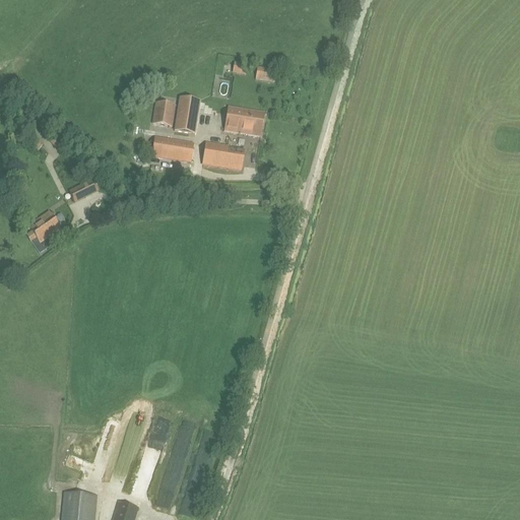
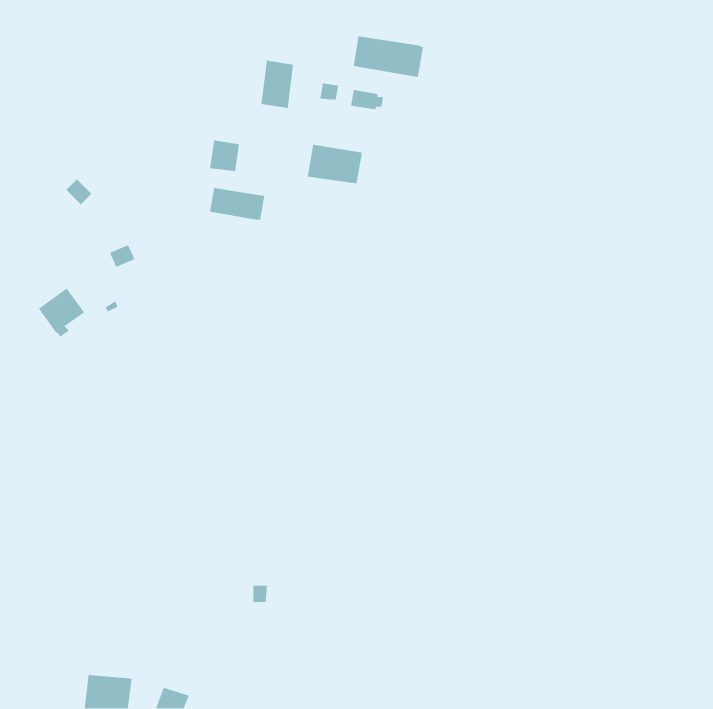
building: none -> [353,35,424,78]
building: [175,96,199,132] -> [260,60,294,109]
building: [202,142,244,169] -> none

